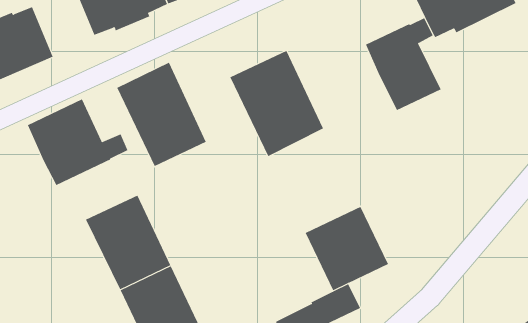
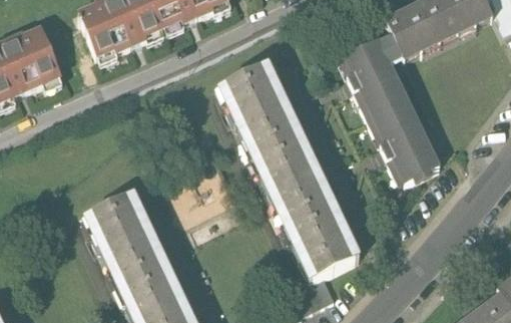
building: [116,62,206,167] -> none
building: none -> [367,100,439,187]
building: [27,98,128,186] -> none
building: none -> [251,135,335,229]

